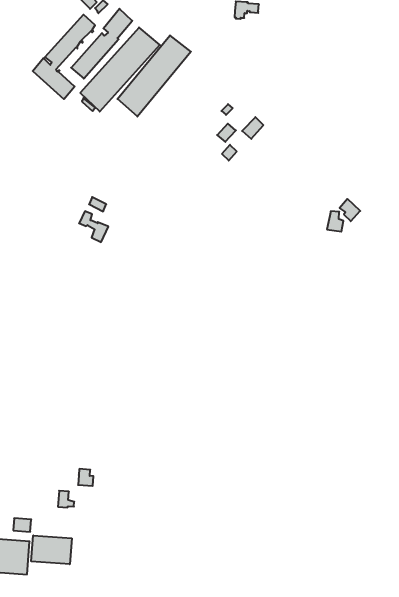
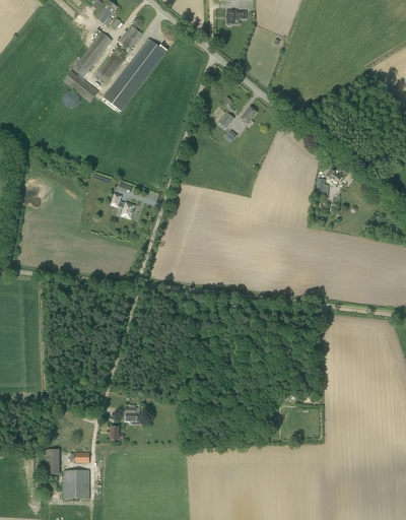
building: [117,35,191,117] -> none
building: [31,535,72,564] -> none

